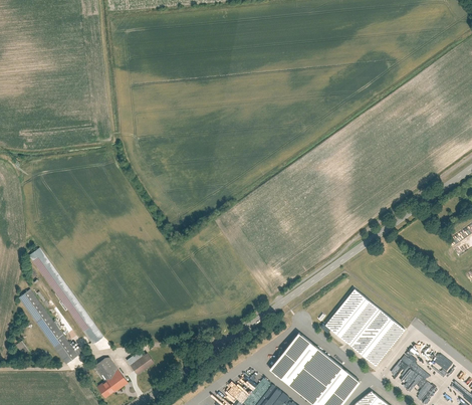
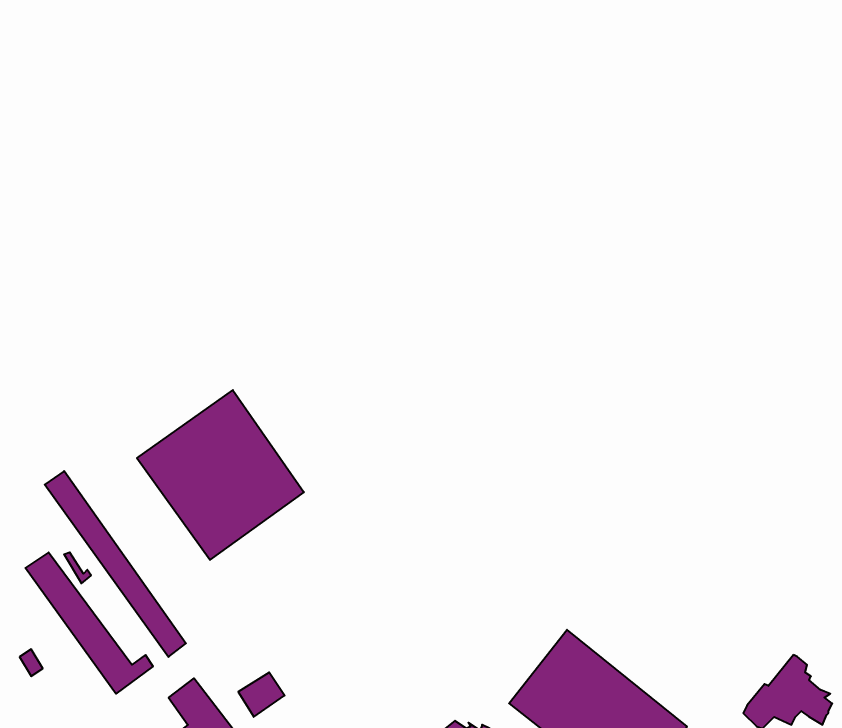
building: none -> [137,390,304,560]
building: [325,289,407,367] -> none

